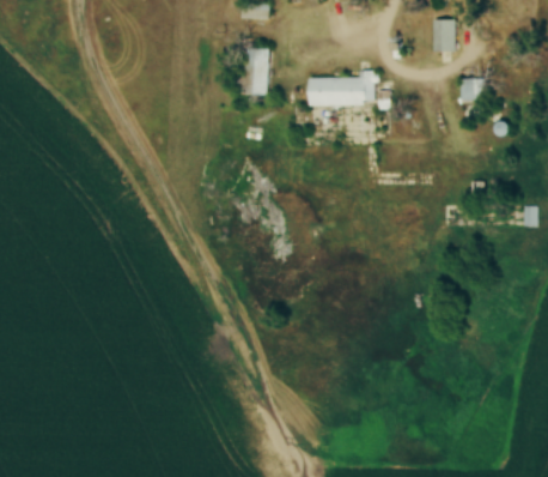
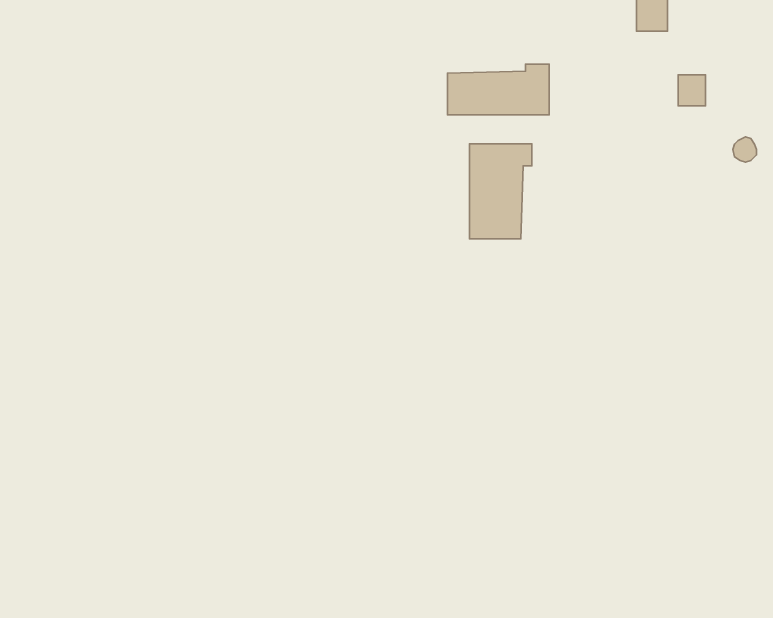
building: [242,48,268,96] -> none
building: none -> [470,144,532,239]

